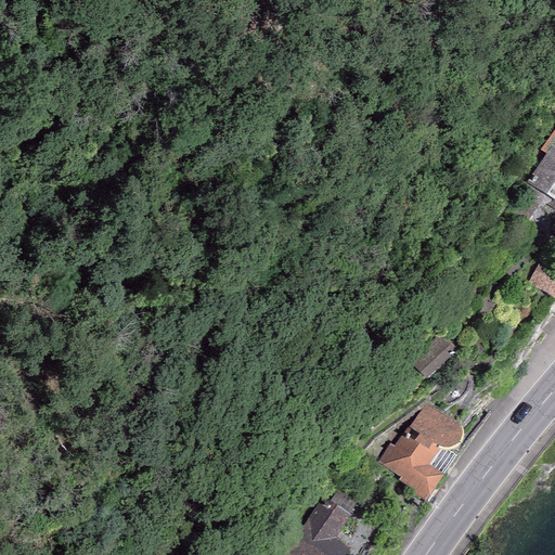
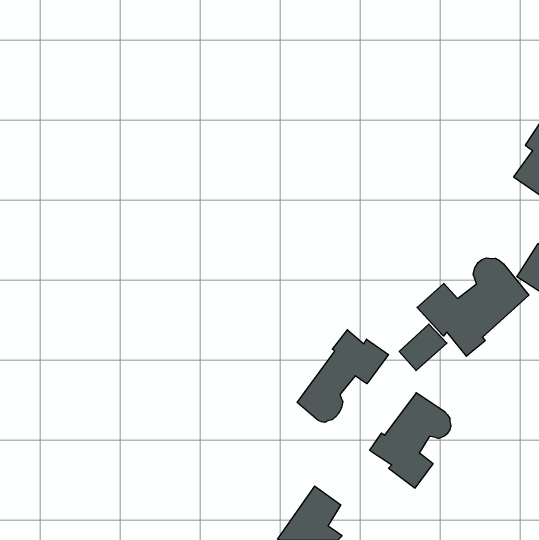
building: none -> [417,258,529,356]
building: none -> [297,330,388,422]

